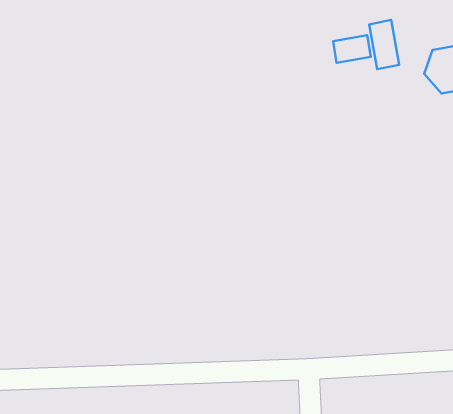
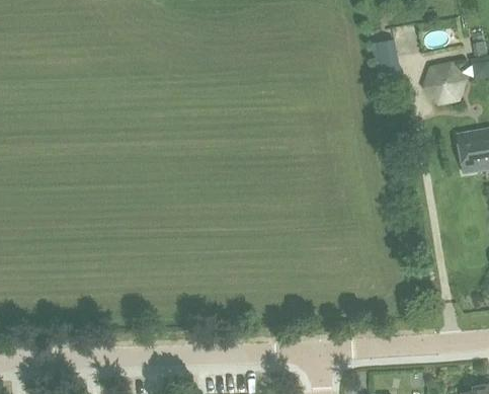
building: [333,35,371,63] -> none

